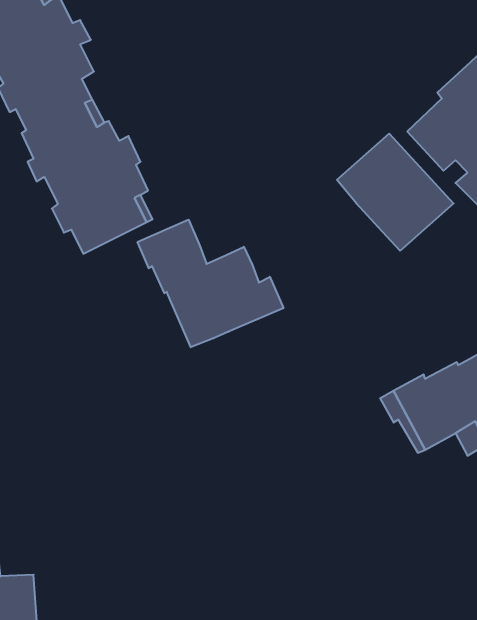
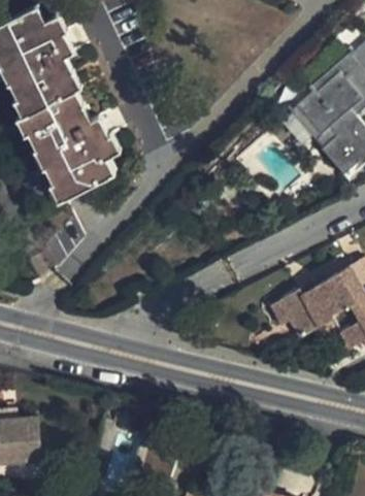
building: [337,134,454,251] -> none
building: [138,220,283,347] -> none

